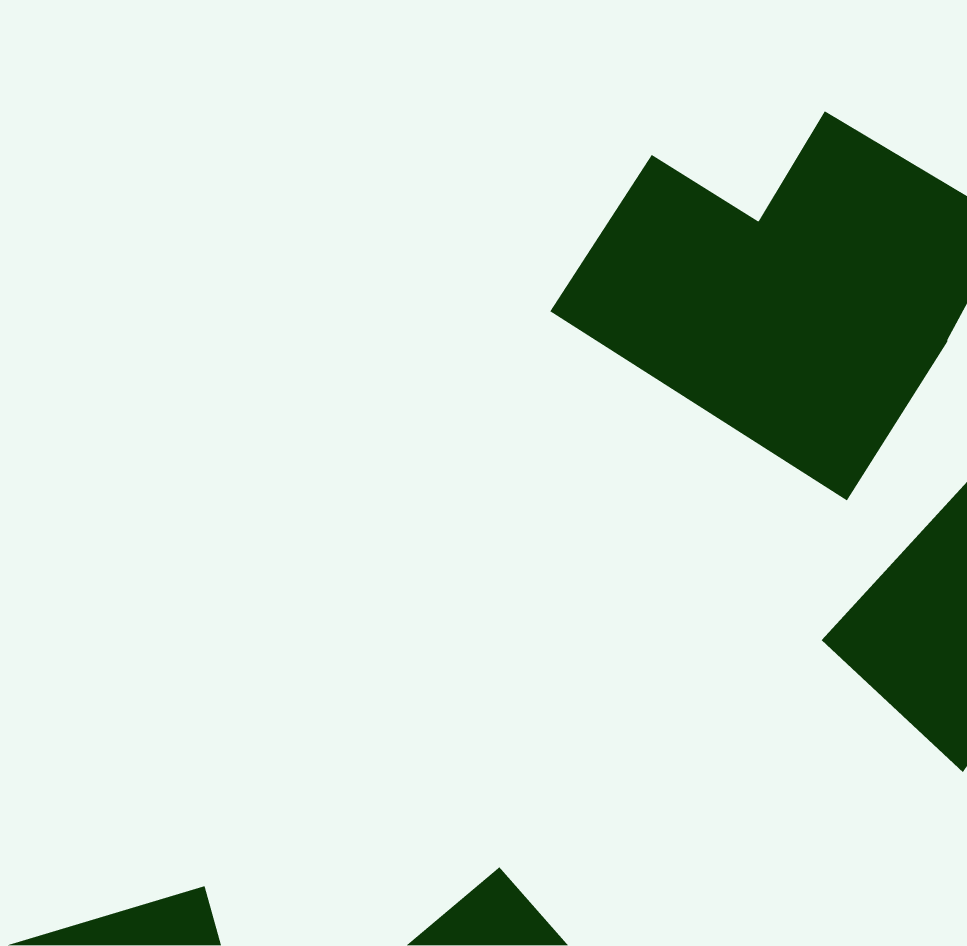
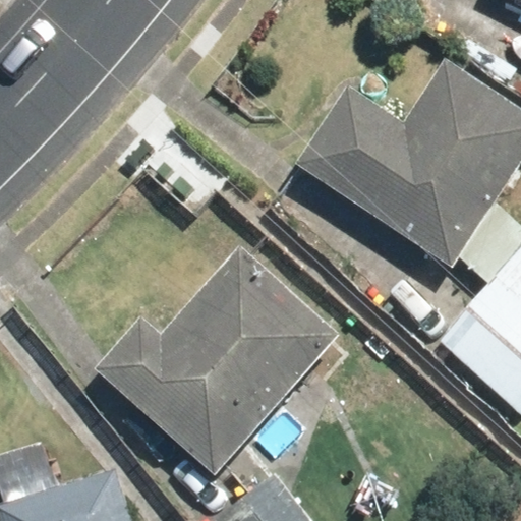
building: none -> [128,258,325,456]

